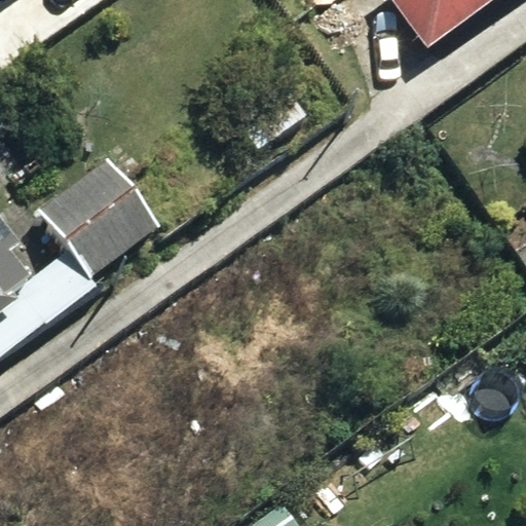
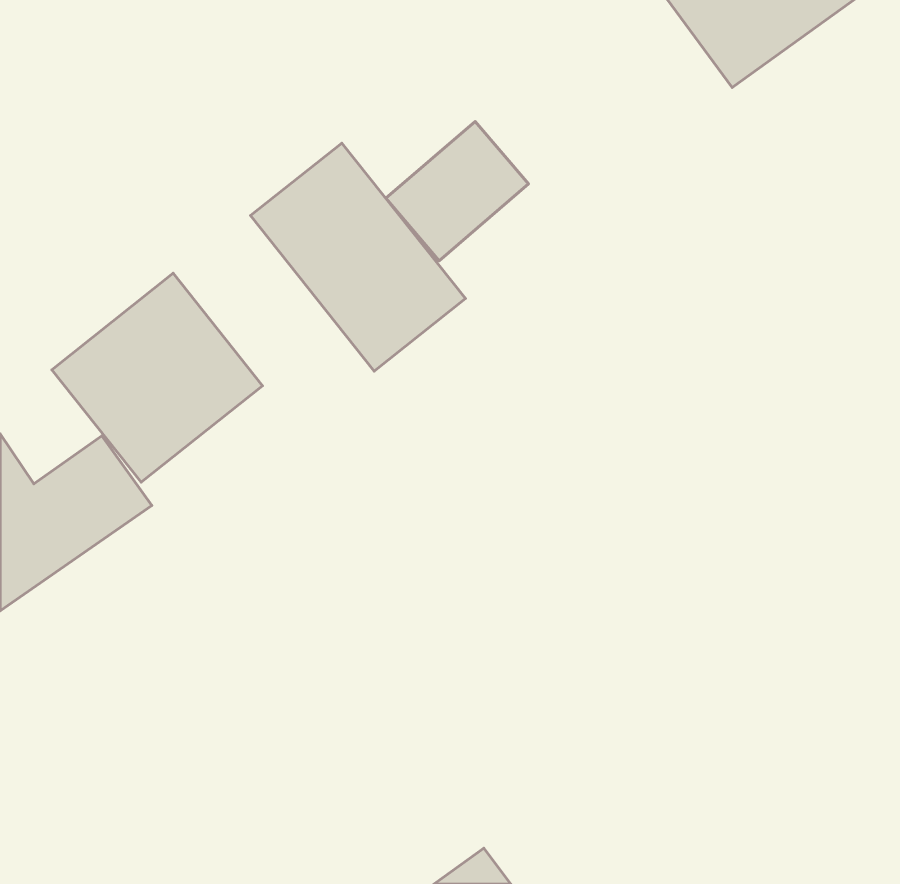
building: none -> [251,143,465,371]

